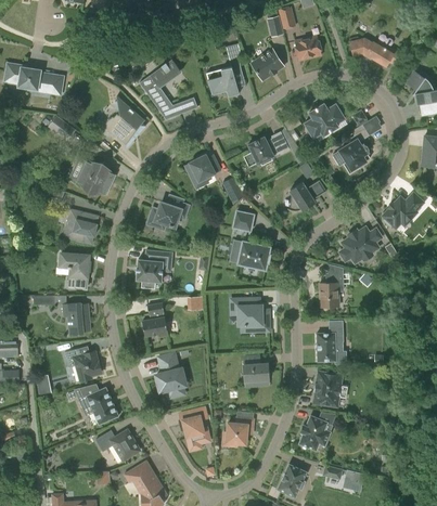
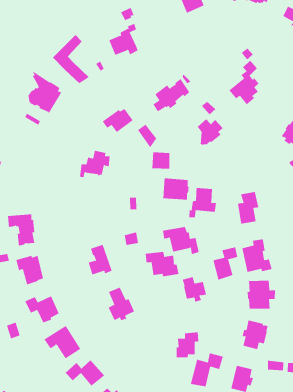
building: [250,49,284,80] -> none
building: [304,103,345,138] -> none
building: [76,161,115,194] -> none
building: [63,209,99,244] -> none
building: [339,228,378,261] -> none
building: [137,250,172,287] -> none
building: none -> [189,187,216,218]
building: none -> [145,251,179,277]
building: none -> [213,246,238,280]
building: [182,407,208,438] -> none
building: none -> [190,352,223,387]

